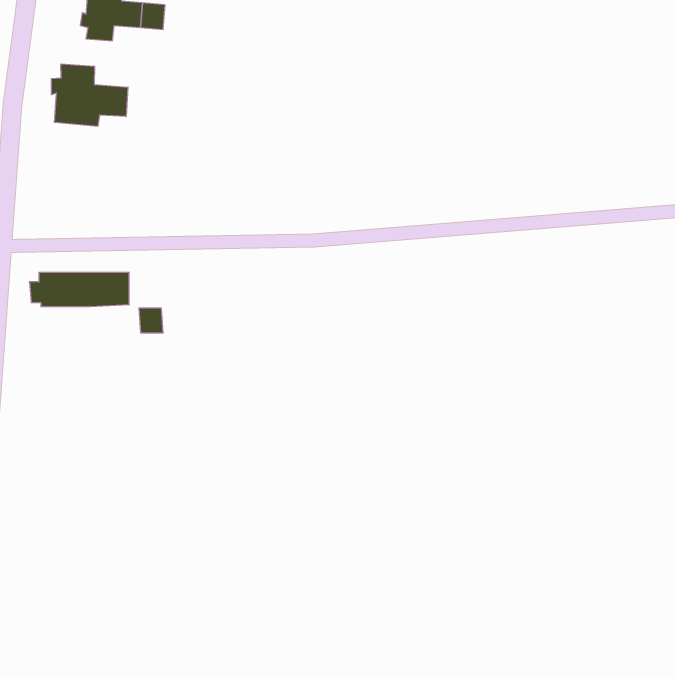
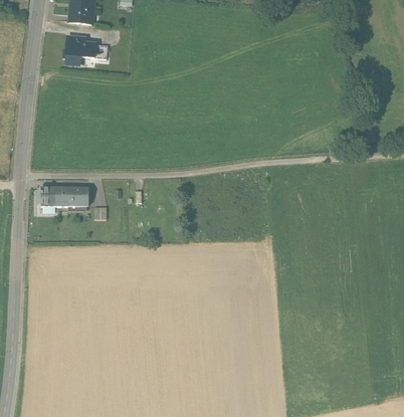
building: [51,64,128,126] -> none

